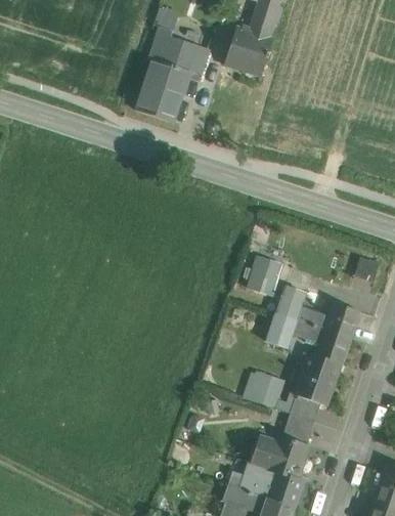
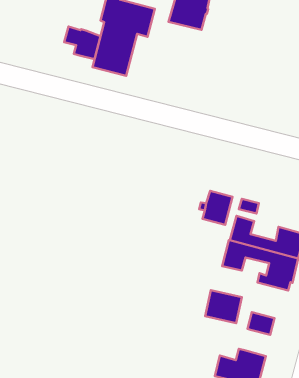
building: none -> [64,27,101,59]
building: [292,362,337,405] -> none
building: [283,415,313,444] -> none

